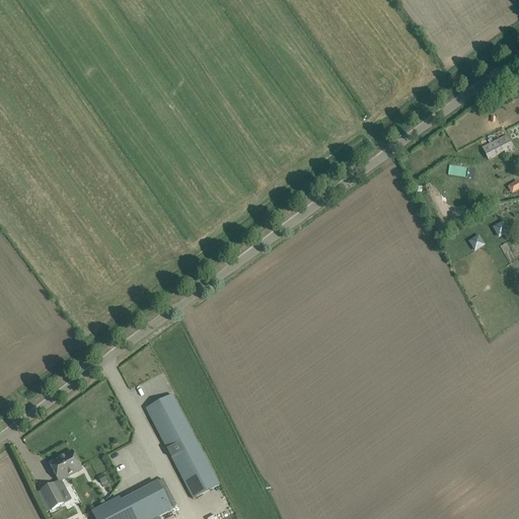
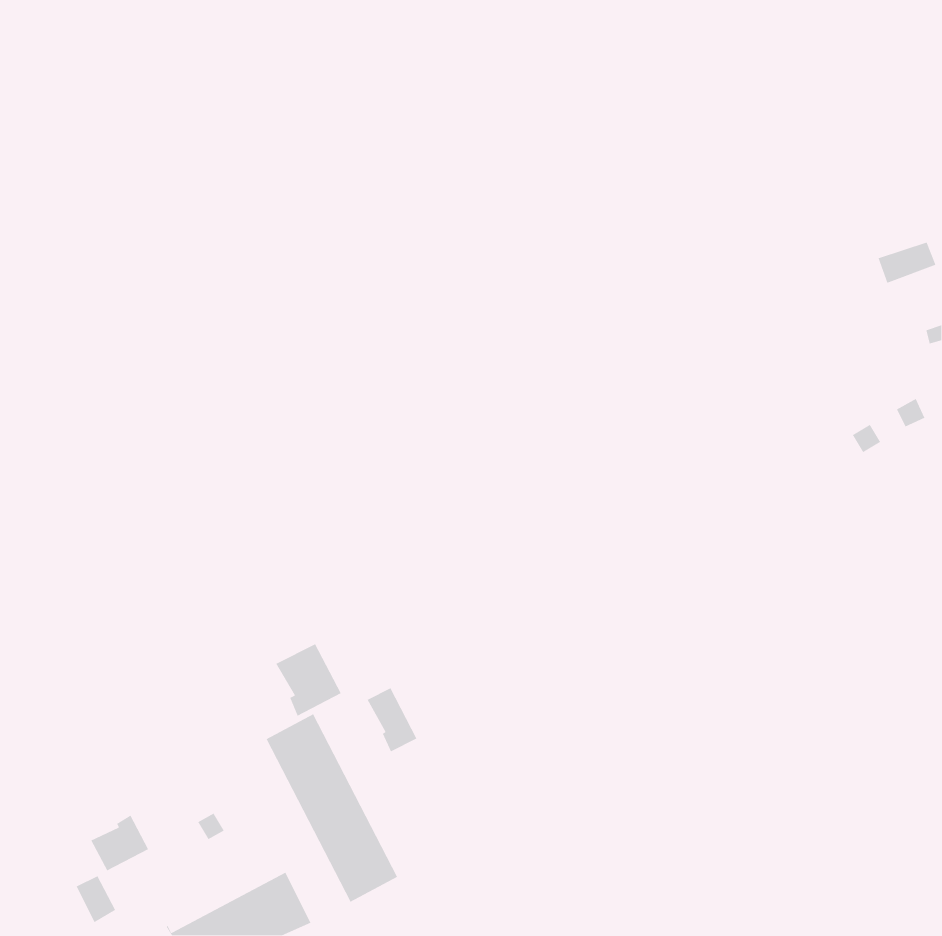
building: none -> [275,643,342,717]
building: none -> [367,687,418,753]

